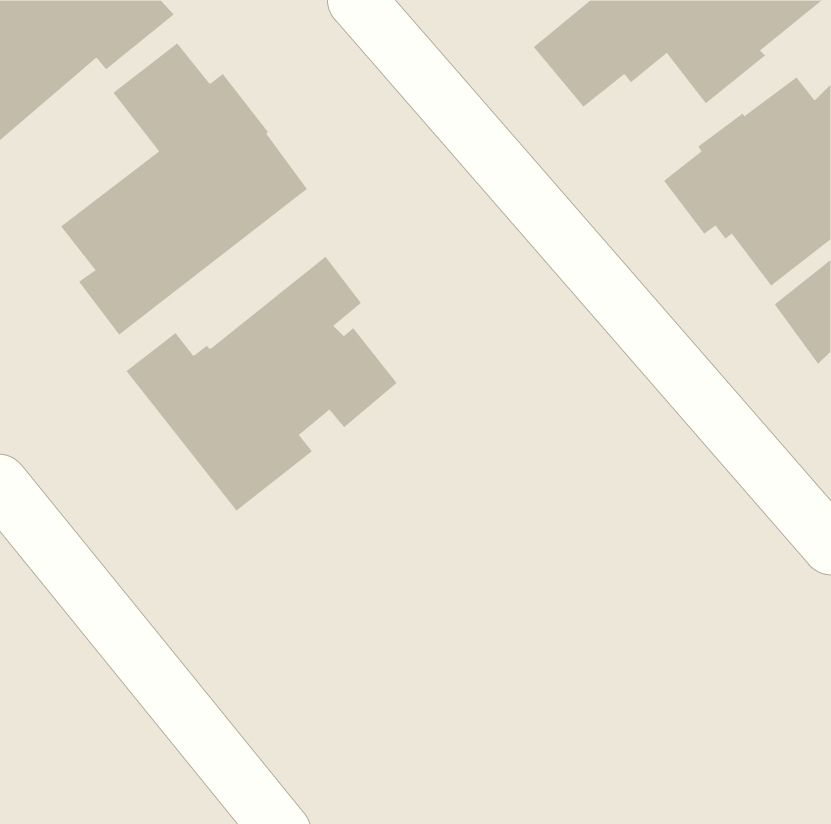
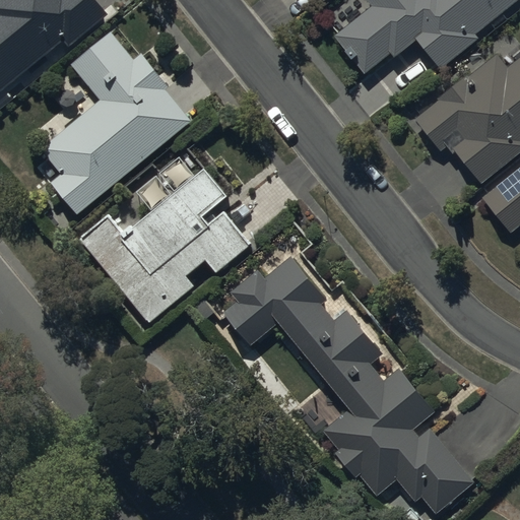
building: none -> [224,256,473,514]

